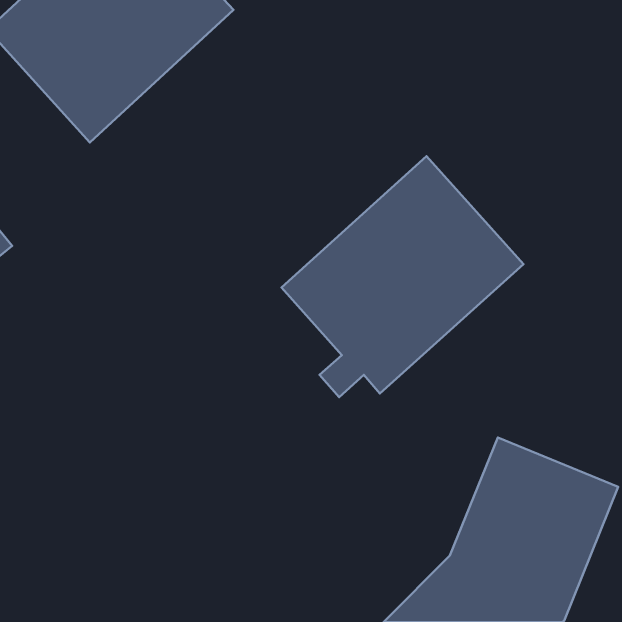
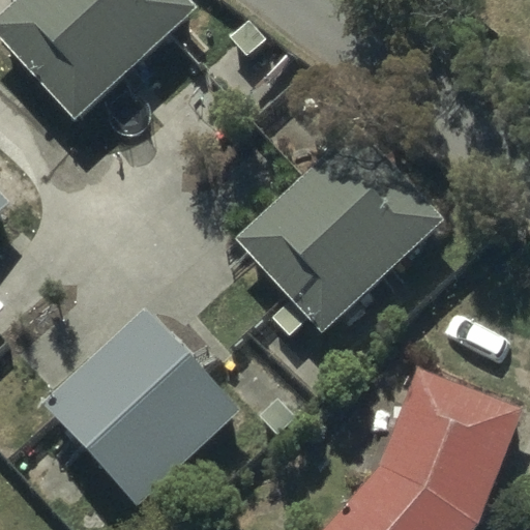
building: none -> [47,311,239,503]

